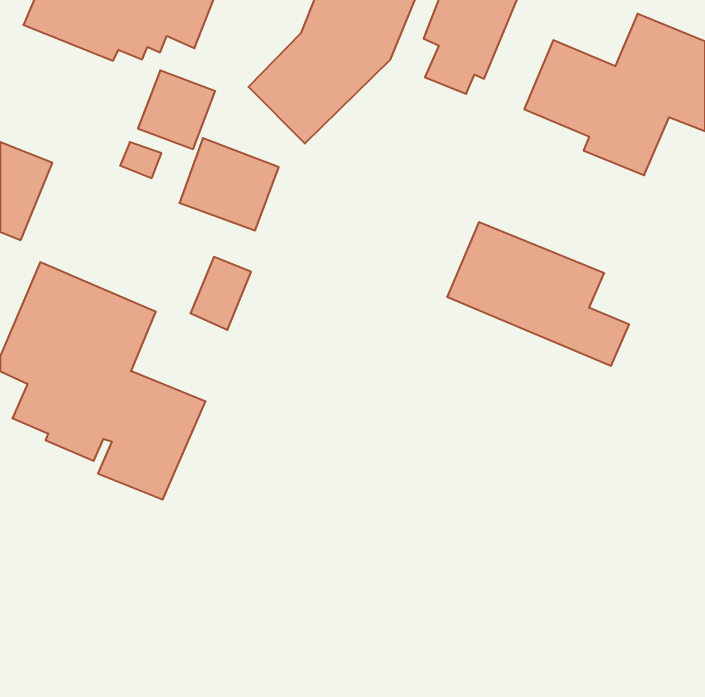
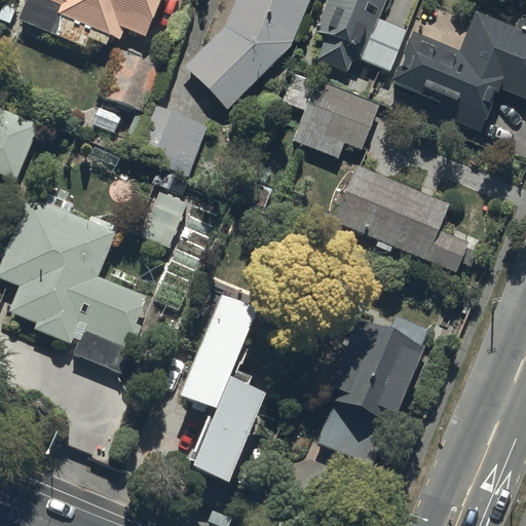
building: none -> [293,78,379,156]
building: none -> [179,300,265,488]
building: none -> [317,310,433,459]

